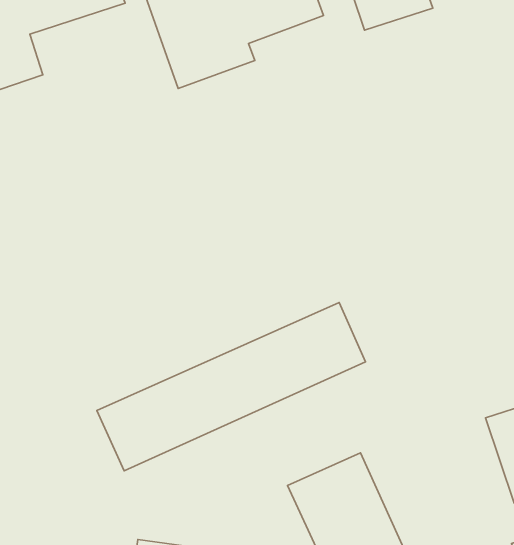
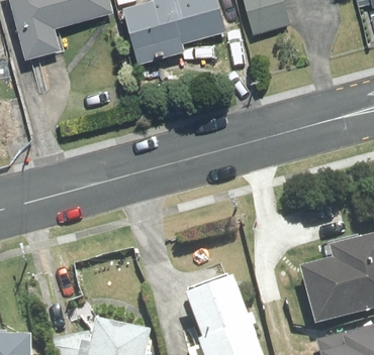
building: [97,302,365,471] -> none

